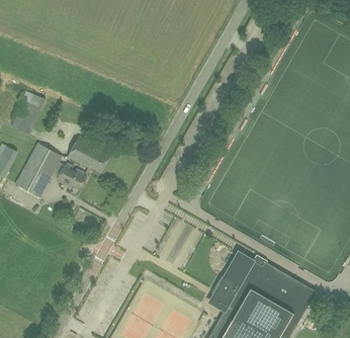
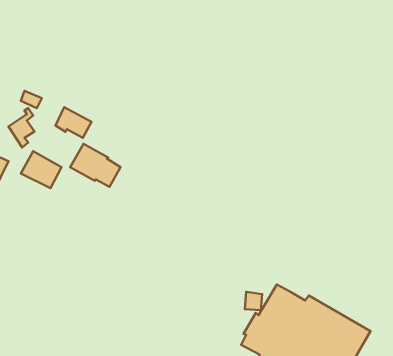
building: [15,161,52,197] -> none
building: [57,165,86,190] -> [56,107,91,138]

